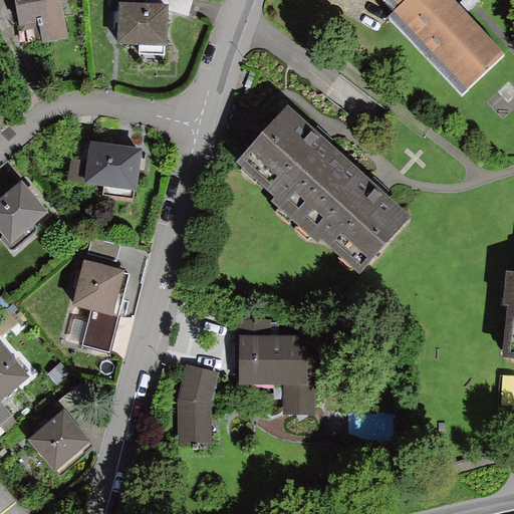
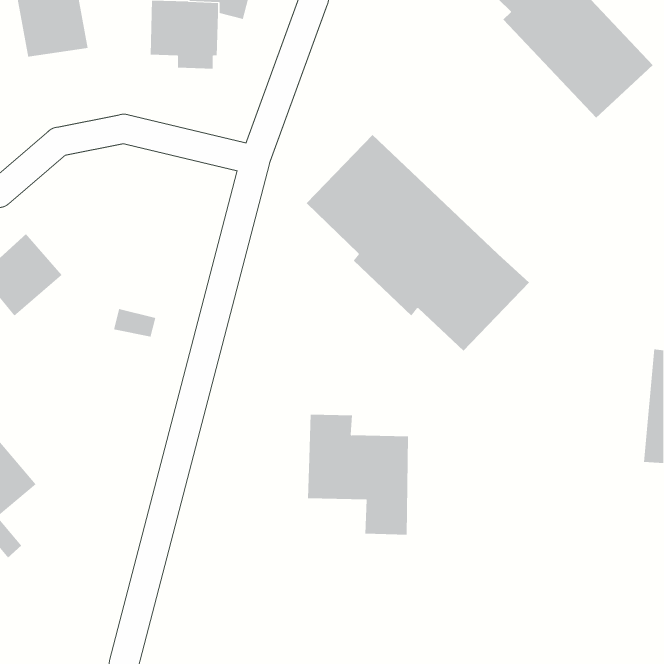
building: [65,139,143,196] -> none
building: [74,258,130,350] -> none
building: [180,367,219,441] -> none
building: [28,410,90,472] -> none

